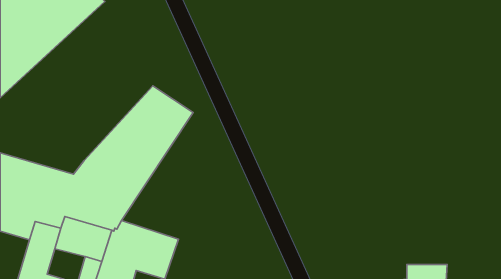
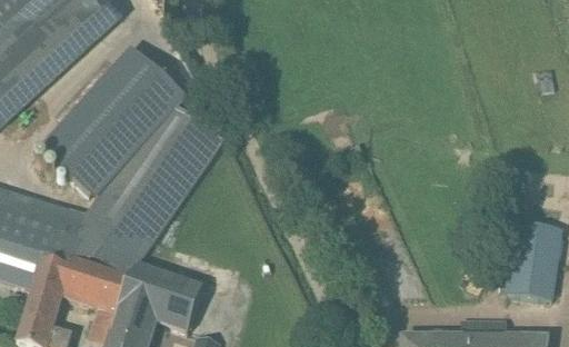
building: none -> [38,47,187,197]
building: none -> [506,220,562,297]

